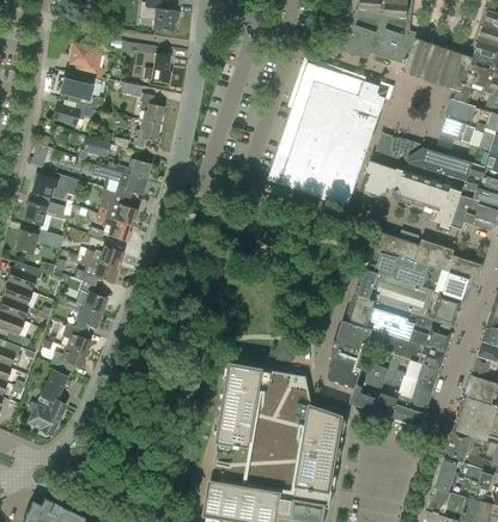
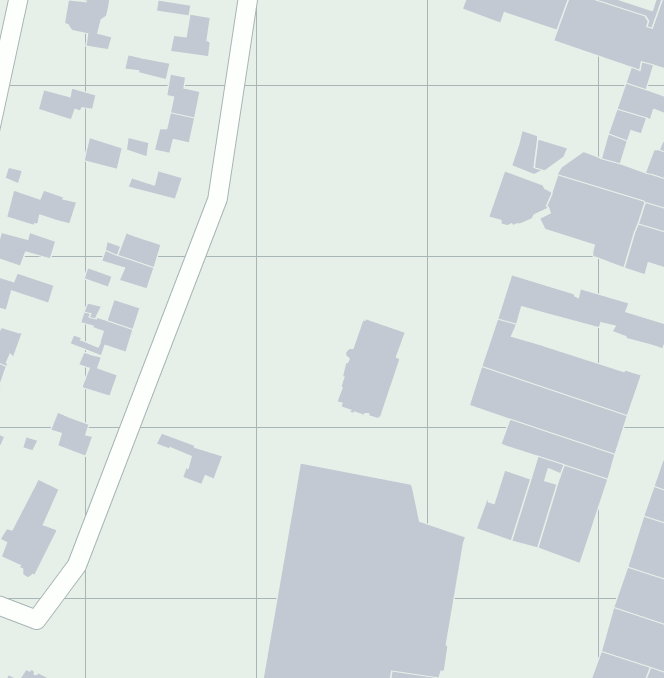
building: [267,61,389,207] -> none
building: [60,73,98,105] -> none
building: [92,164,146,198] -> none
building: [375,251,470,298] -> none
building: [56,297,102,332] -> [156,433,223,484]
building: [327,318,374,387] -> [337,319,405,419]
building: [50,346,85,372] -> none

